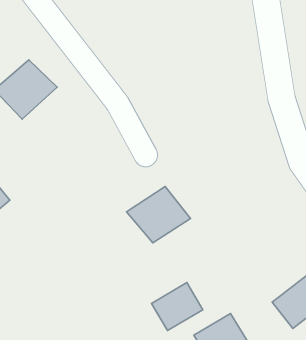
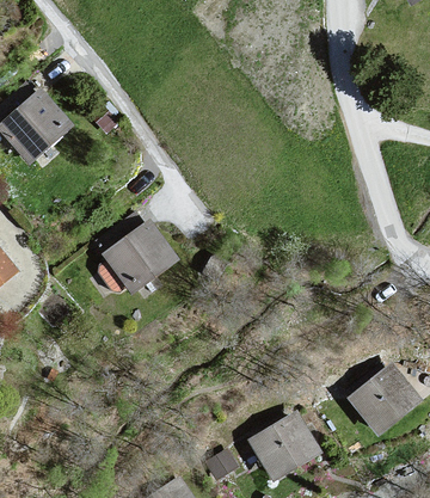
building: [127,186,191,243] -> [102,222,183,294]
building: [151,283,203,331] -> none

